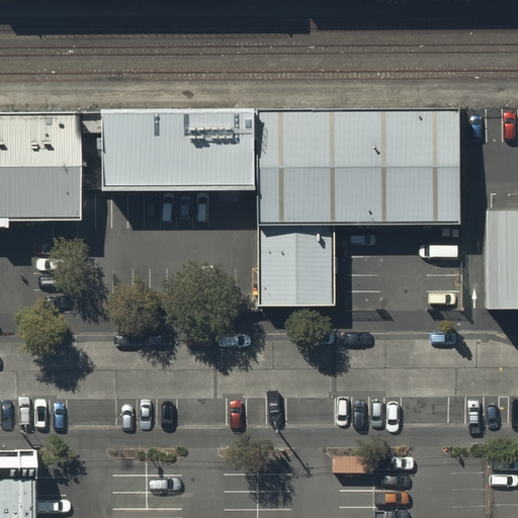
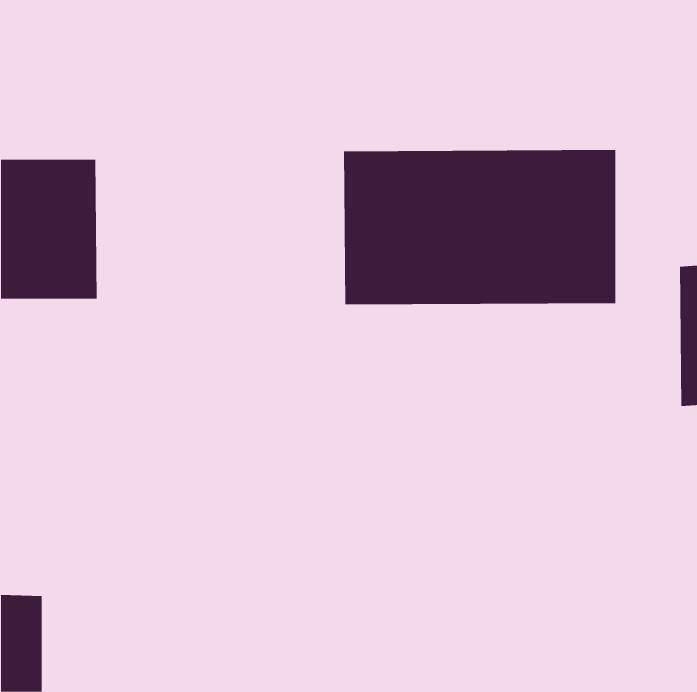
building: [101,113,252,188] -> none
building: [257,226,333,304] -> none

